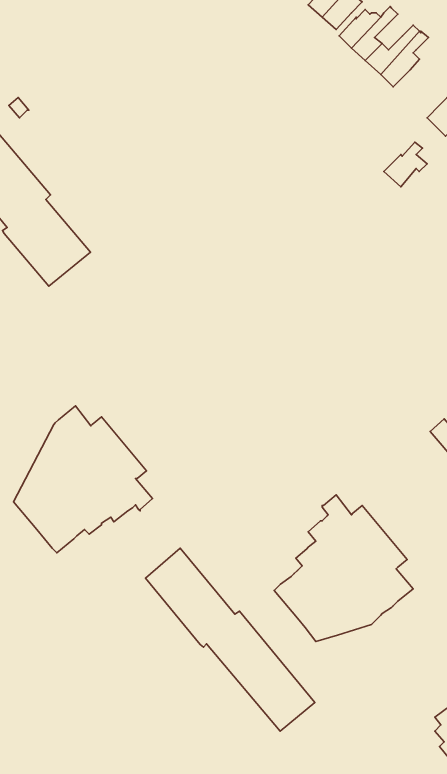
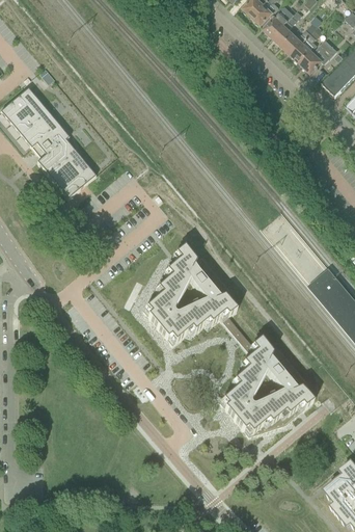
building: [384,142,427,187] -> [299,44,328,74]
building: [14,406,153,553] -> [142,246,236,345]
building: [146,548,315,731] -> none

